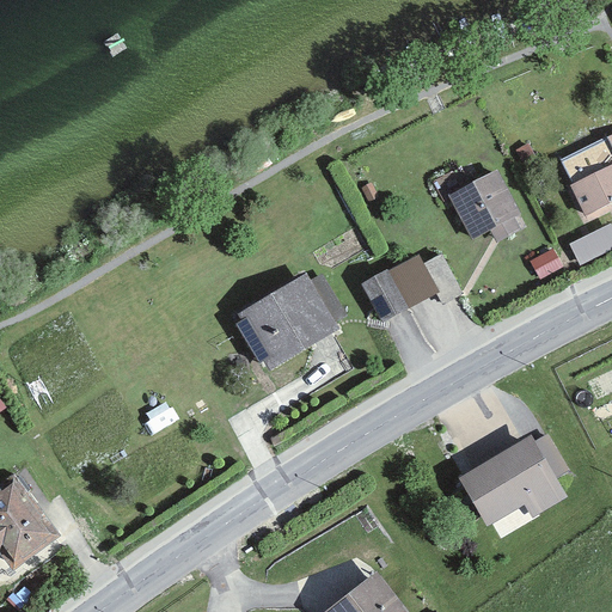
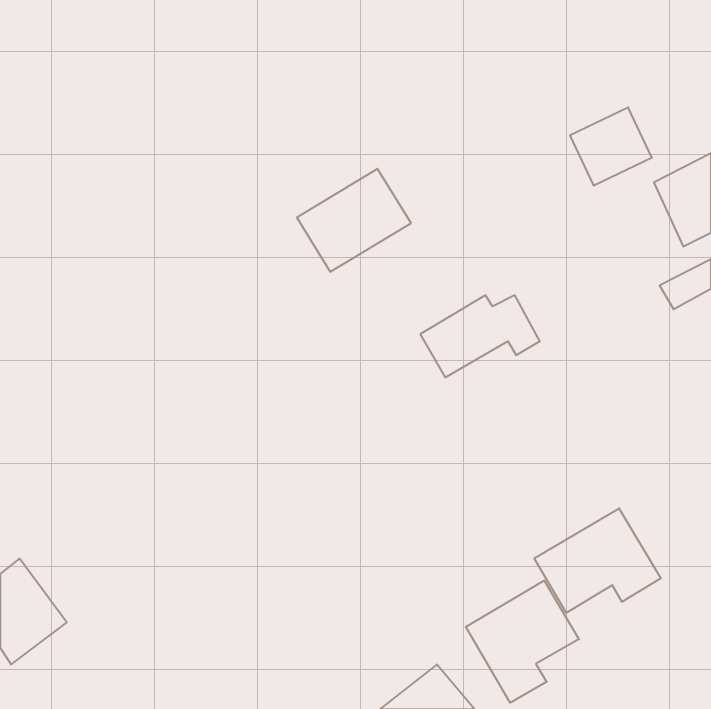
building: [451,173,521,240] -> [570,107,652,185]
building: [239,280,337,368] -> [297,169,411,272]
building: none -> [466,580,579,703]

